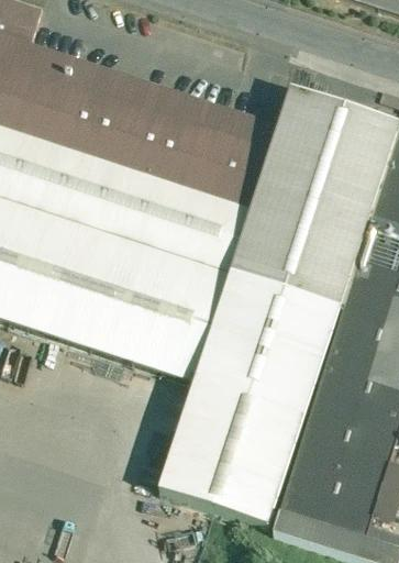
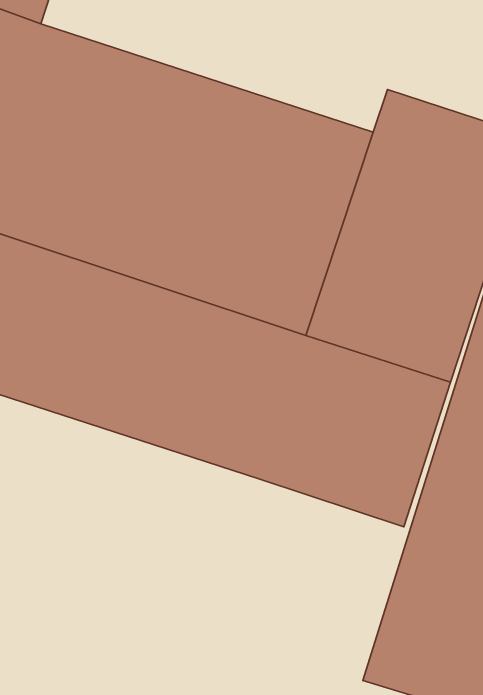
building: [158,382,303,527] -> none

